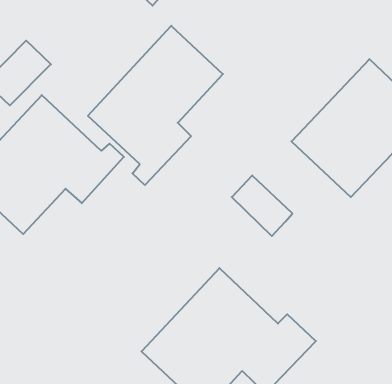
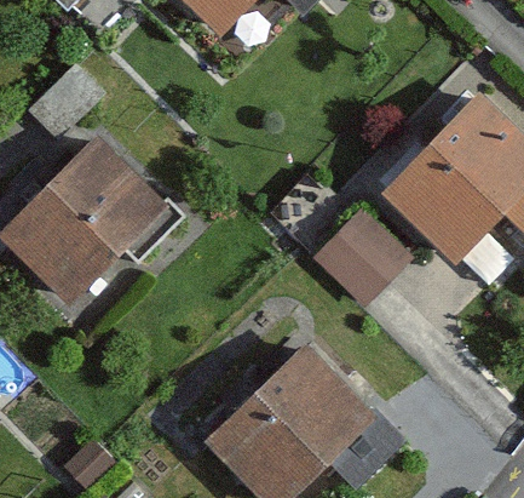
building: [88,26,223,185] -> none

